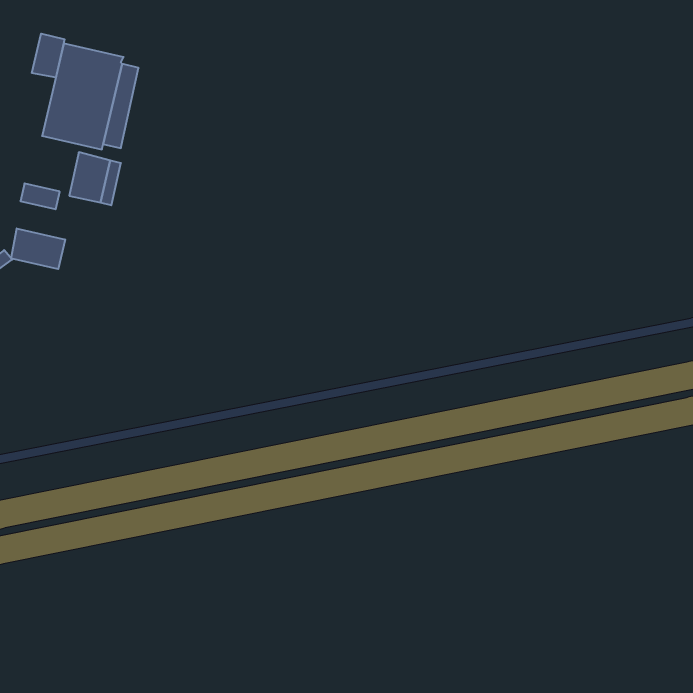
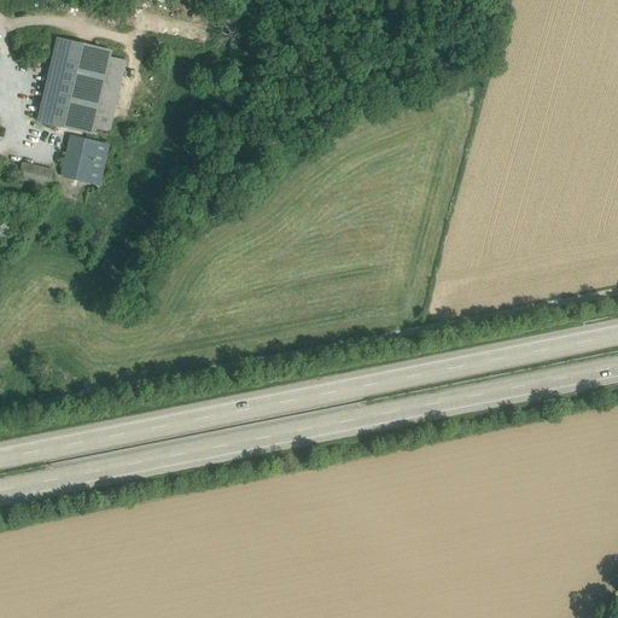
building: [32,34,65,77] -> none
building: [11,228,65,269] -> none

